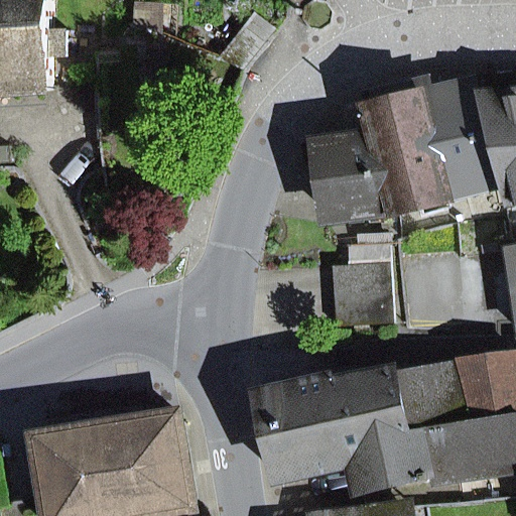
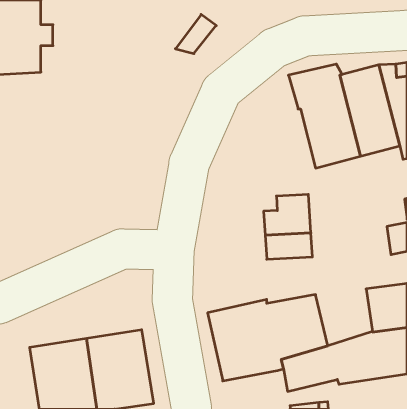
building: [306,137,397,218] -> none
building: [397,364,469,435] -> none

